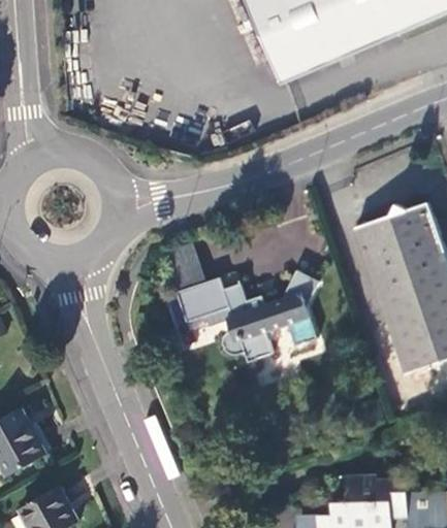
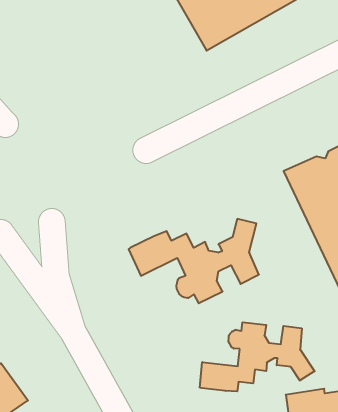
building: [163,245,204,294] -> none
building: none -> [200,322,315,391]

